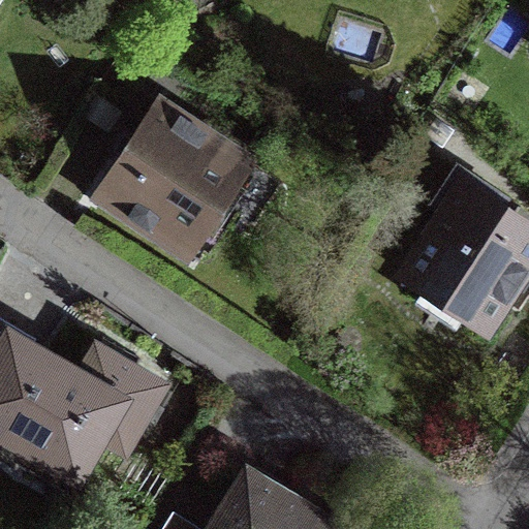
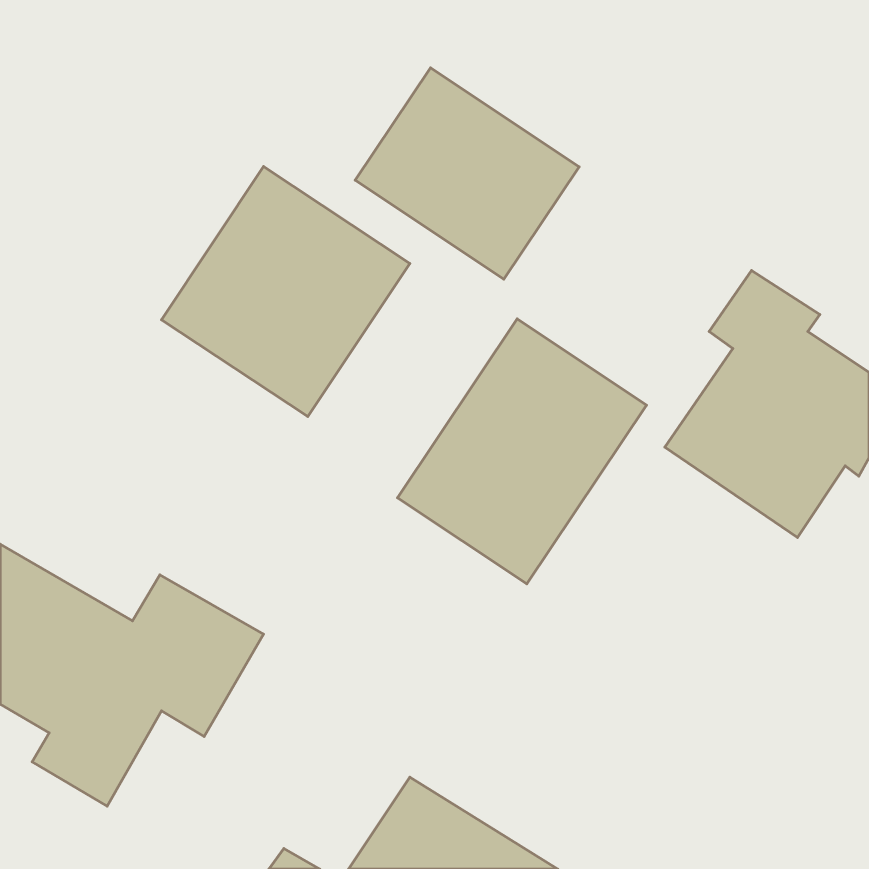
building: none -> [355,68,579,279]
building: none -> [398,319,646,584]

